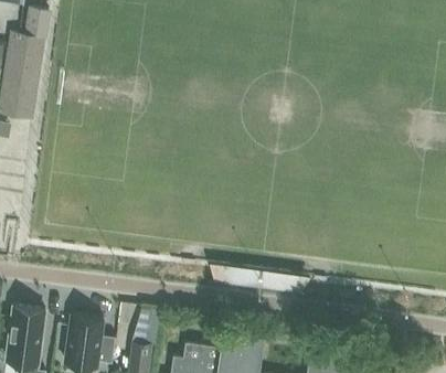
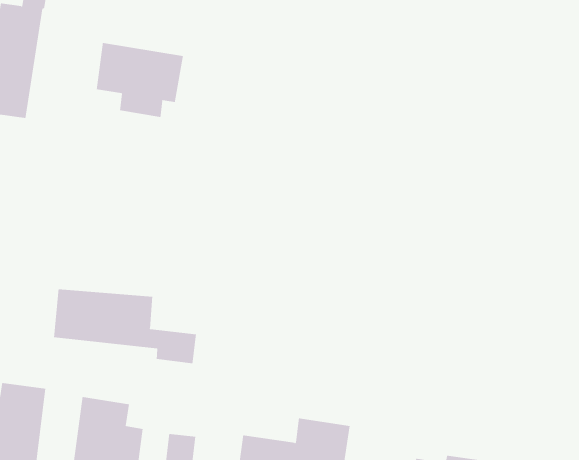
building: none -> [96,42,183,118]
building: none -> [54,289,196,364]

